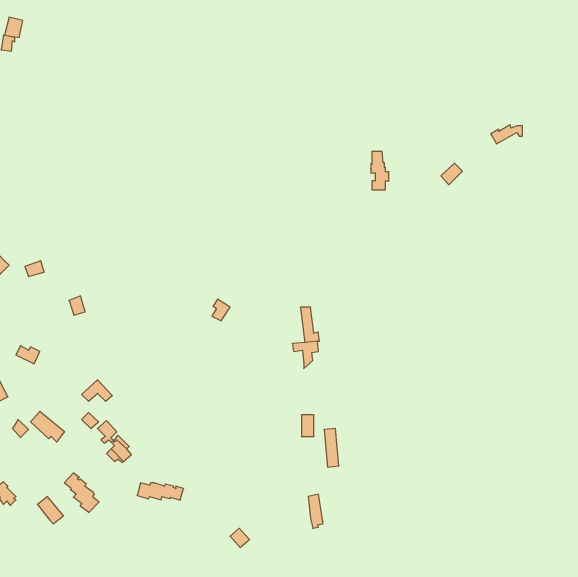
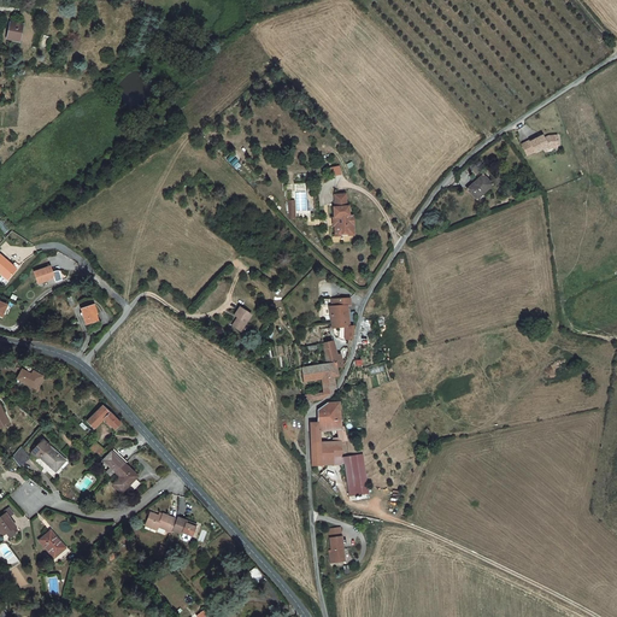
building: [371,151,389,190] -> [333,194,352,235]
building: none -> [330,298,355,327]
building: none -> [321,402,351,441]
building: [64,473,99,513] -> none

